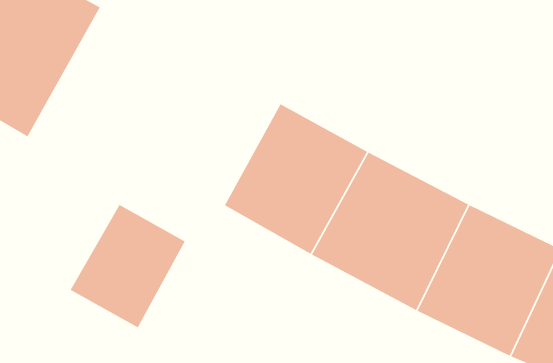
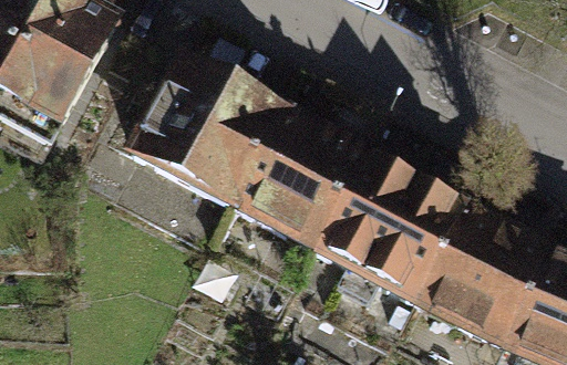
building: none -> [133,53,288,206]
building: [69,204,186,328] -> none

